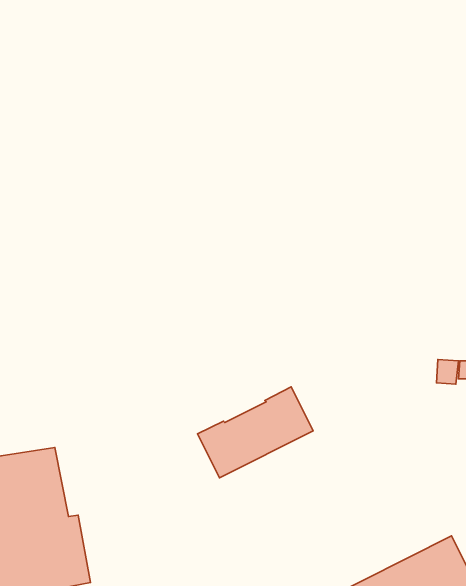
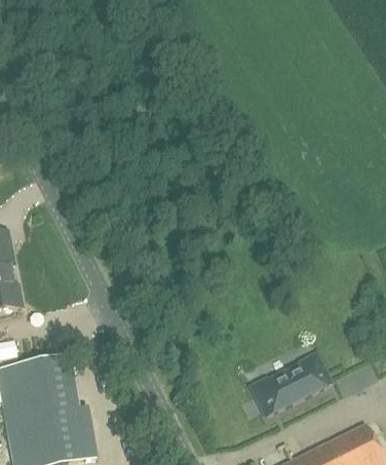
building: [197,387,313,478] -> [247,351,334,419]

